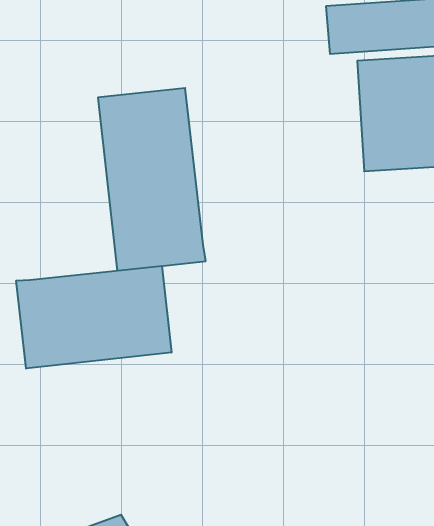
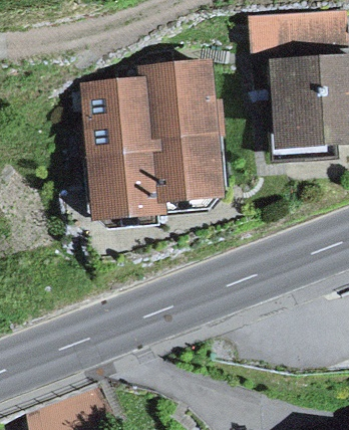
building: none -> [143,61,221,202]
building: [16,266,171,369] -> none

